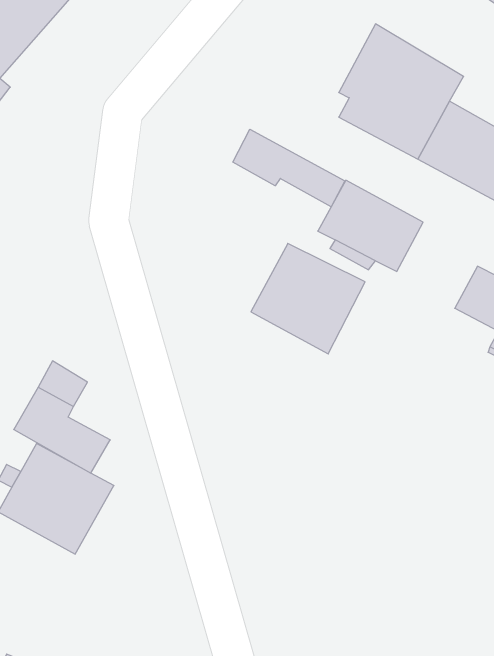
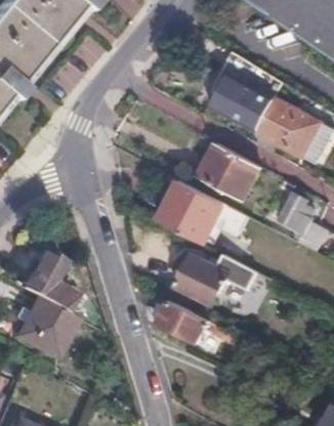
building: [233,129,345,207] -> none
building: none -> [171,250,252,300]
building: none -> [157,299,239,342]

